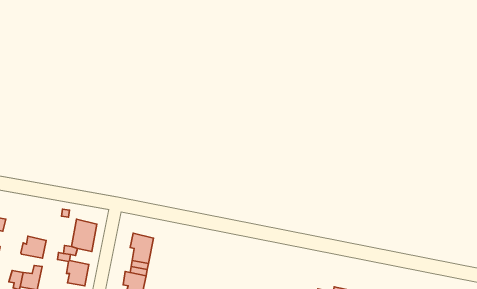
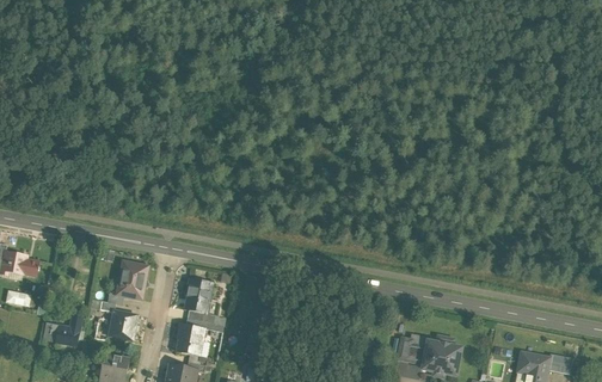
building: [21,236,46,258] -> none

